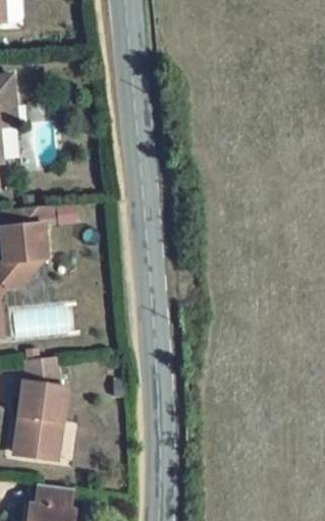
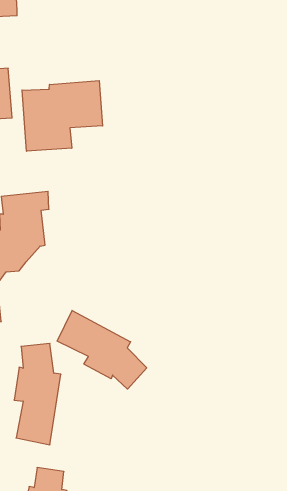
building: none -> [22,81,103,151]
building: none -> [57,310,147,389]

